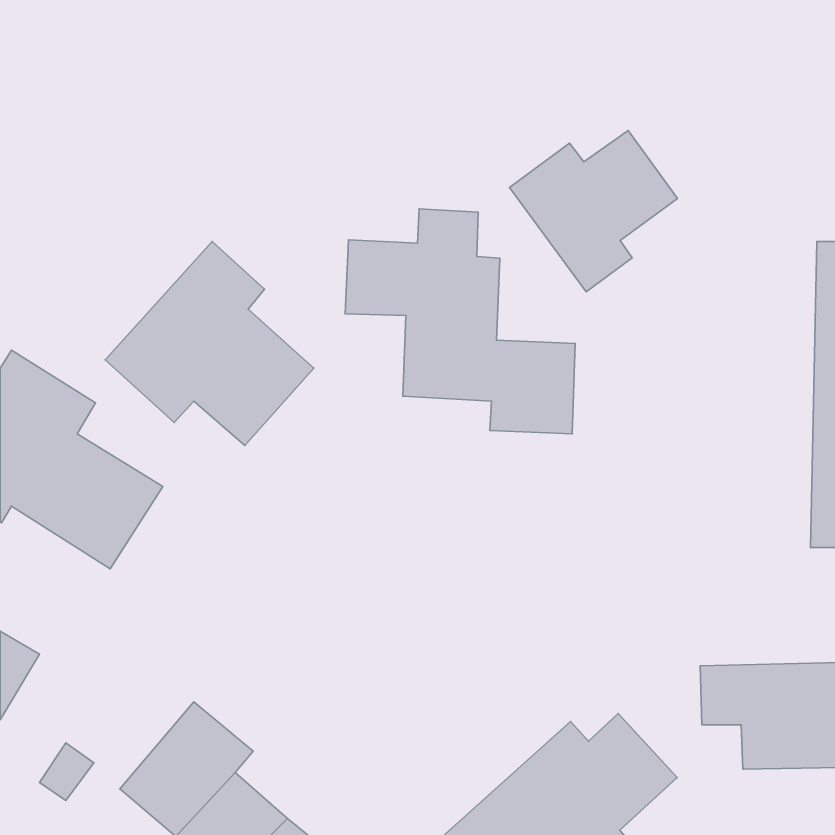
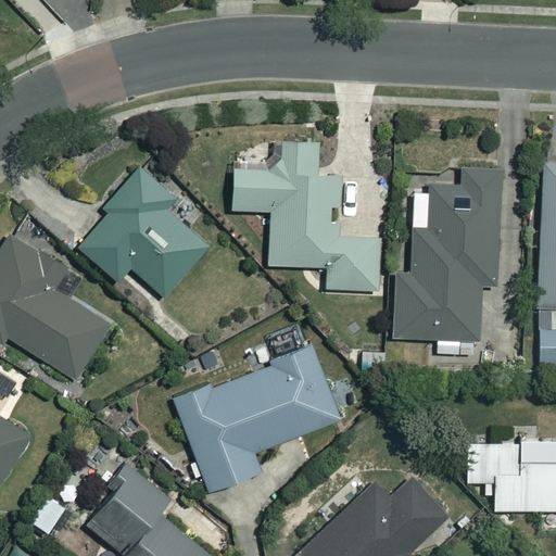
building: [509,130,678,292] -> none
building: none -> [393,168,501,355]
building: none -> [172,342,341,494]

